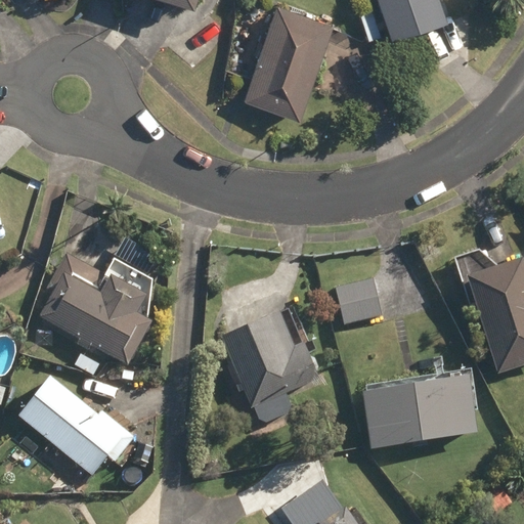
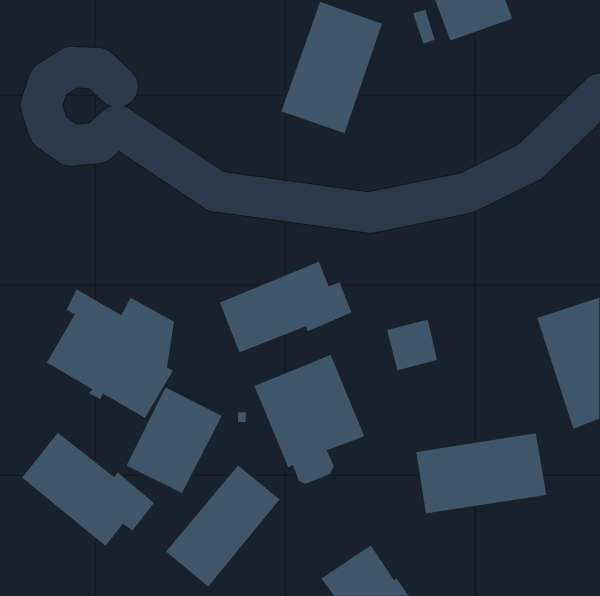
building: none -> [219,261,352,353]
building: none -> [126,387,222,494]
building: none -> [165,464,281,588]

